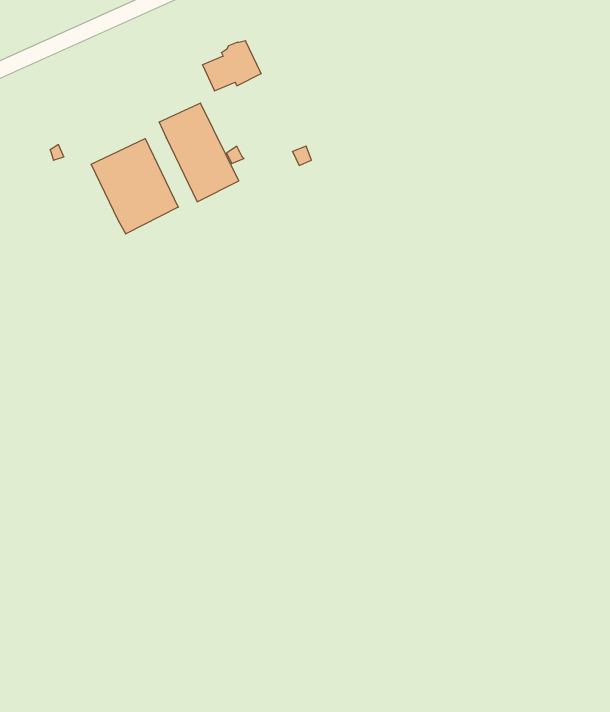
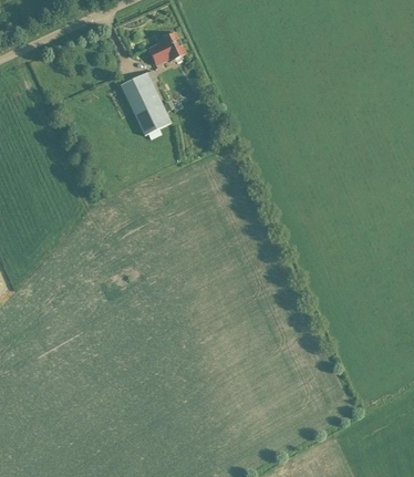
building: [91,139,178,234] -> none

